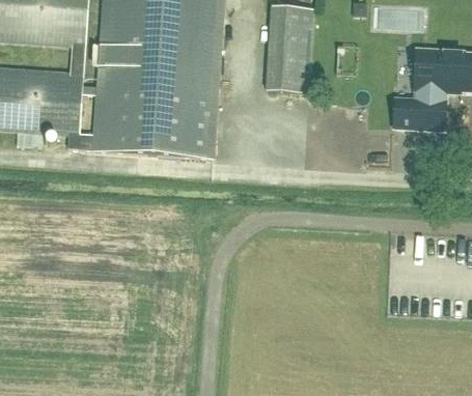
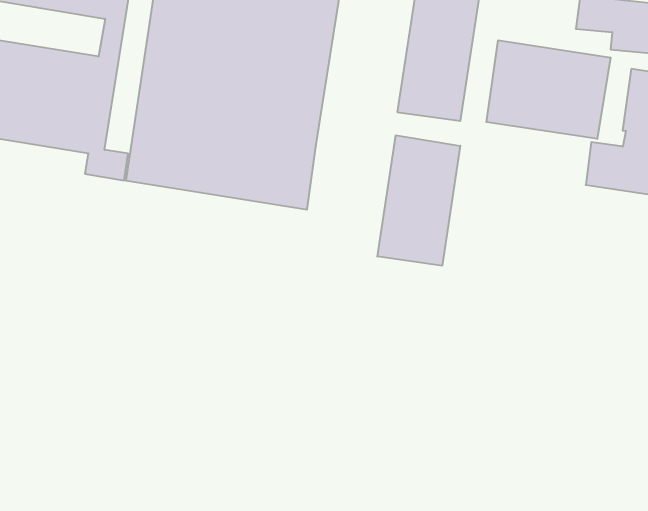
building: none -> [486,40,610,139]
building: none -> [377,135,460,266]

